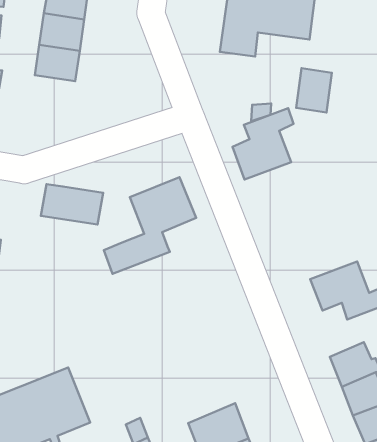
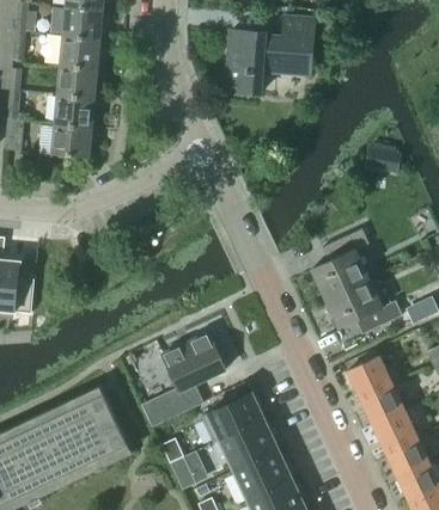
building: [296,68,332,112] -> none
building: [232,108,294,180] -> [312,229,368,299]
building: [104,177,196,274] -> [141,333,226,428]
building: [41,184,103,224] -> [36,122,93,156]
building: none -> [200,394,262,444]

